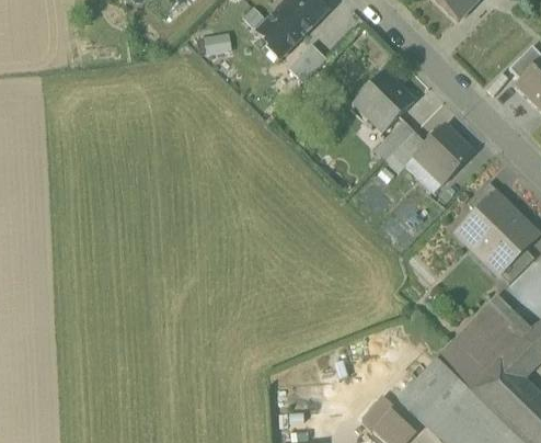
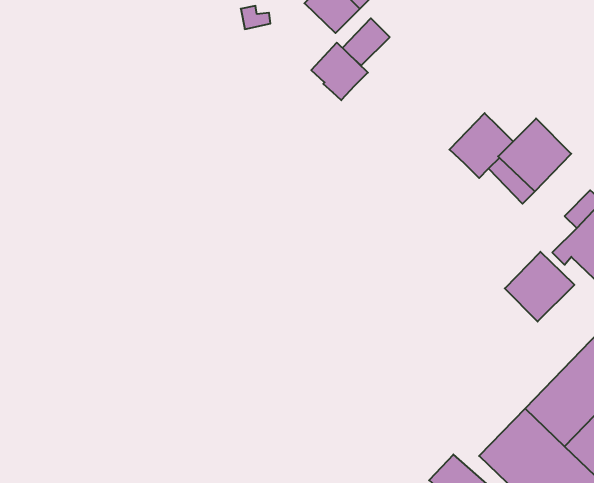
building: none -> [311,43,368,100]
building: [352,71,415,134] -> none
building: none -> [505,252,574,322]

